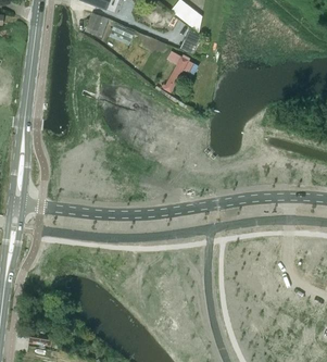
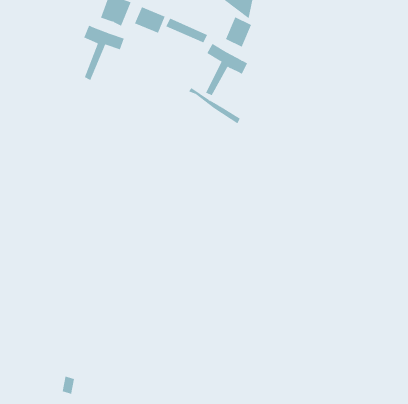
building: none -> [83,25,125,81]

